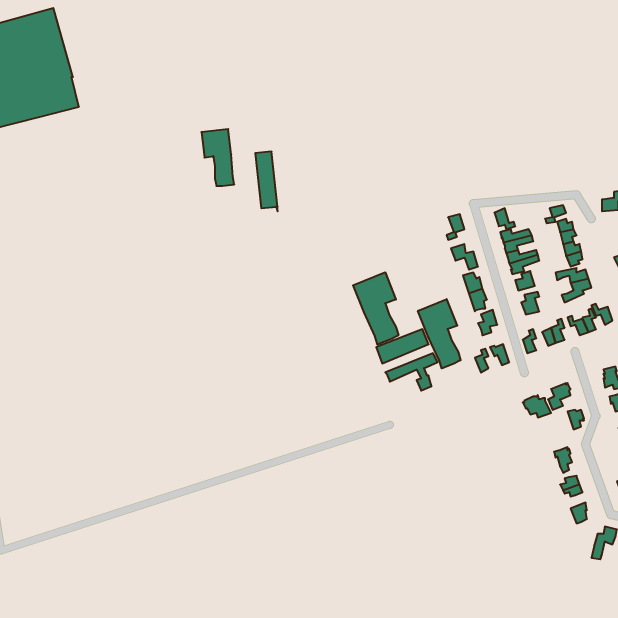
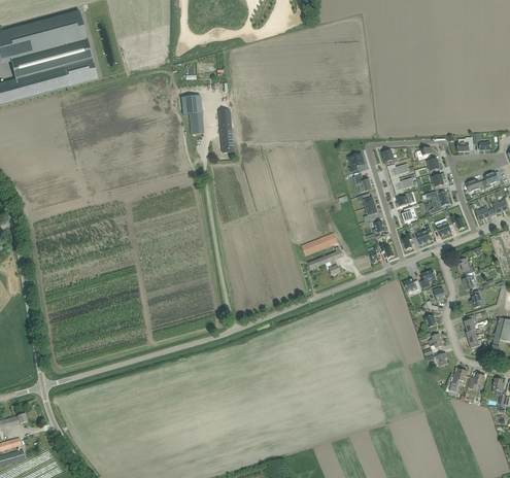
building: [353,272,398,344] -> none
building: [418,299,461,368] -> none

